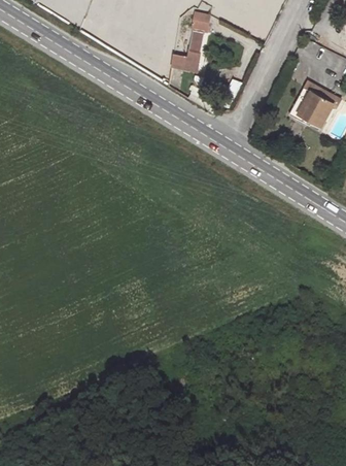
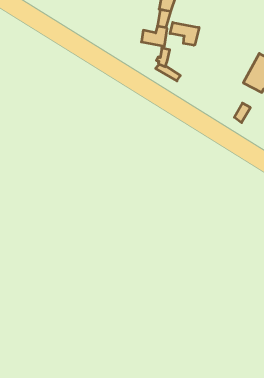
building: none -> [170,22,199,45]

